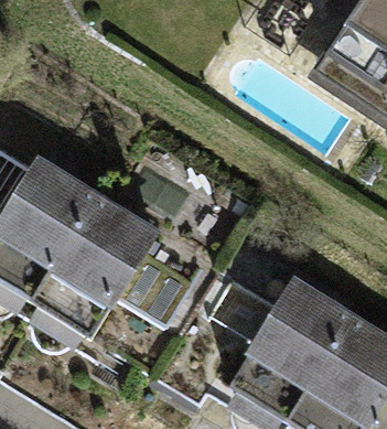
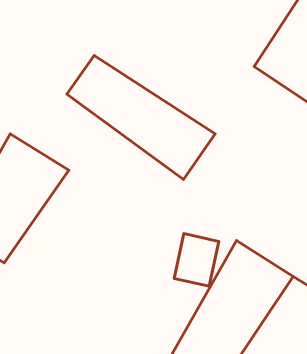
building: none -> [67,56,215,180]
building: [33,196,164,337] -> none

